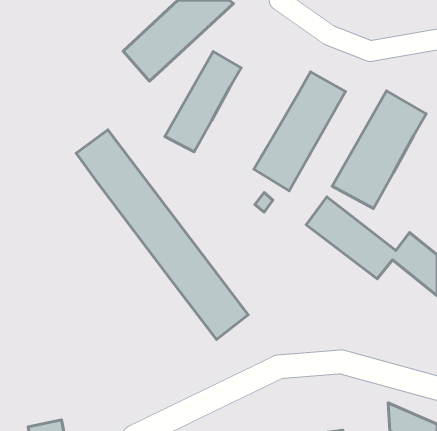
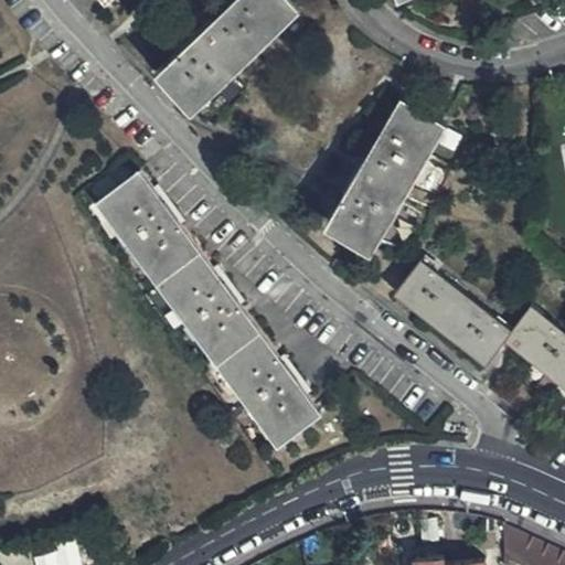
building: [165,52,241,152] -> none
building: [332,91,426,208] -> none

